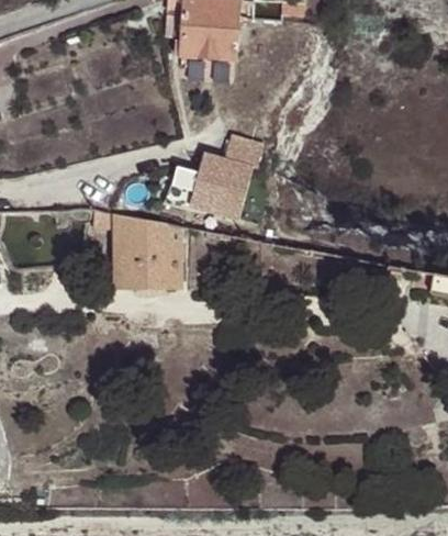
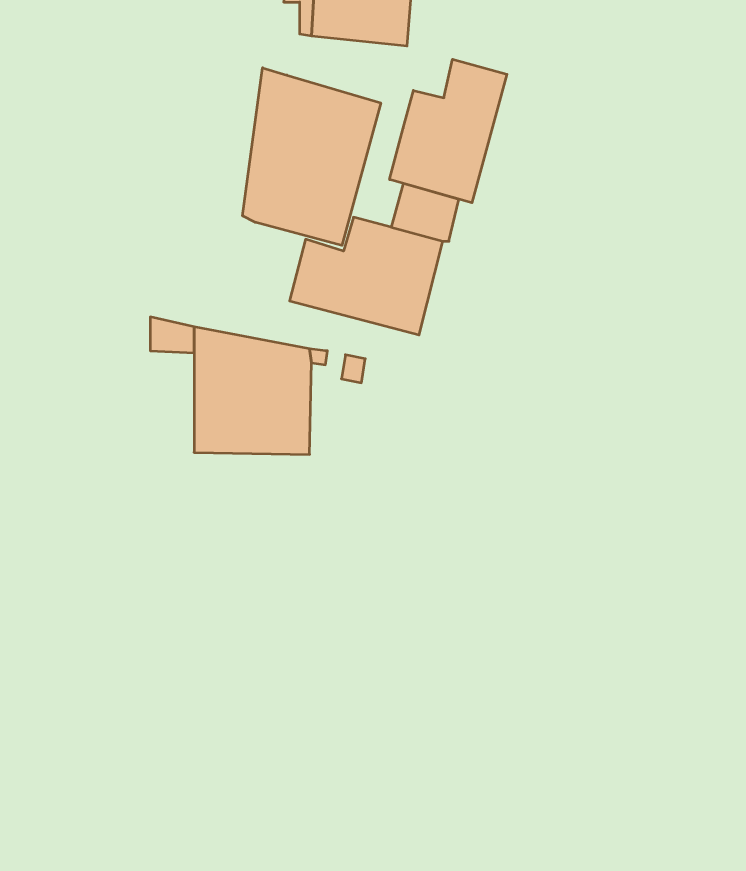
building: none -> [390,59,507,203]
building: none -> [243,68,381,245]

